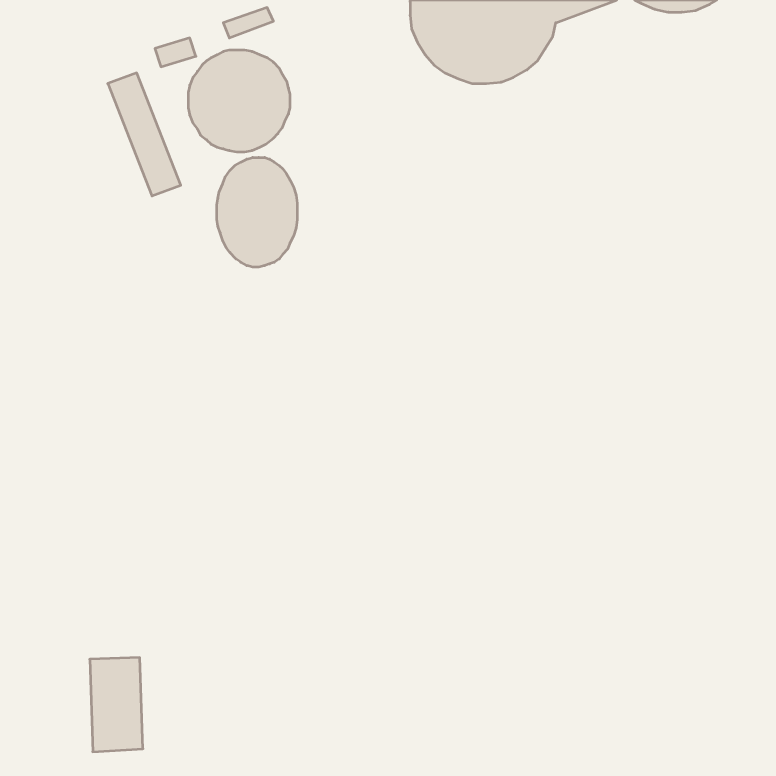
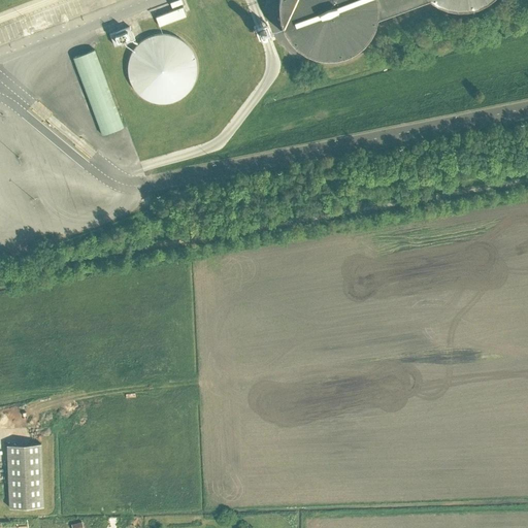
building: [217,157,297,267] -> none
building: [90,658,143,752] -> [7,443,43,507]

